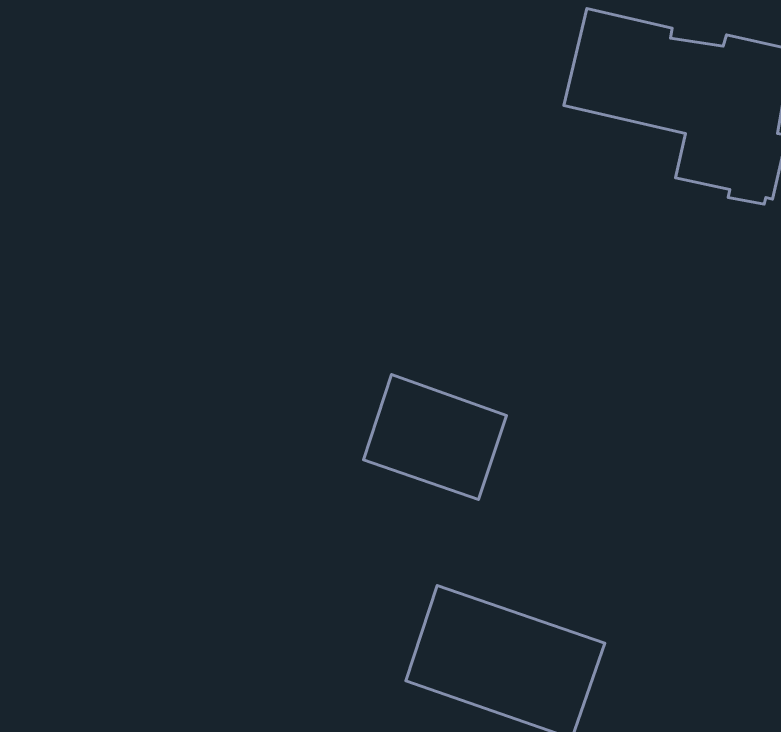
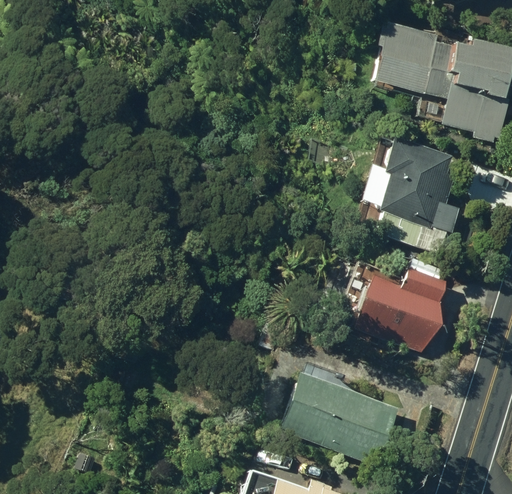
building: none -> [378,136,461,242]
building: [364,374,507,499] -> [355,274,442,350]

